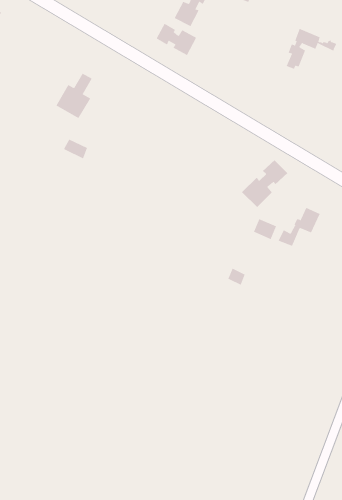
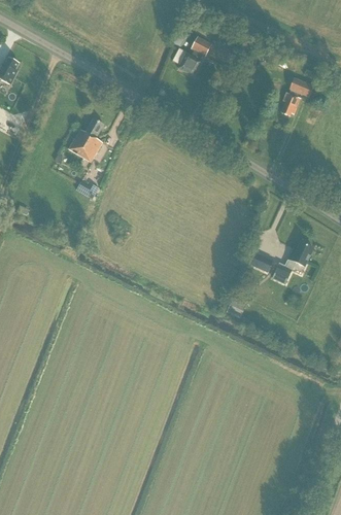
building: [156,23,197,56] -> none
building: [241,159,288,208] -> none

